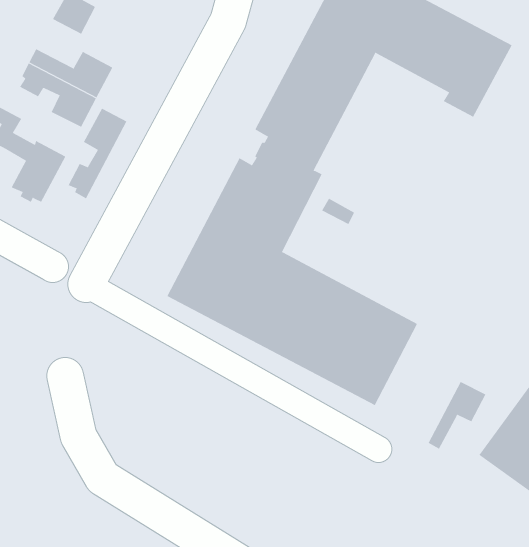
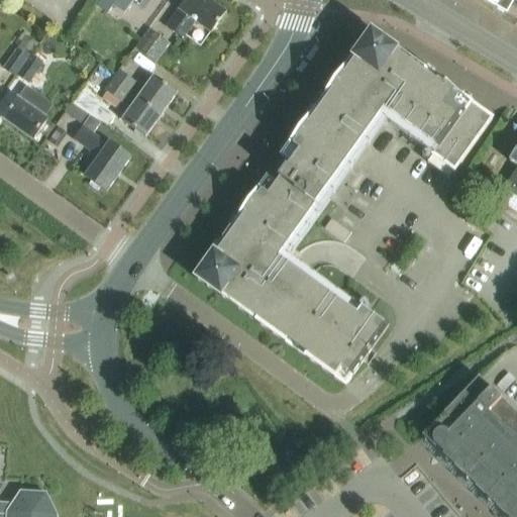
building: [68,108,127,199] -> none
building: [428,381,486,449] -> none

